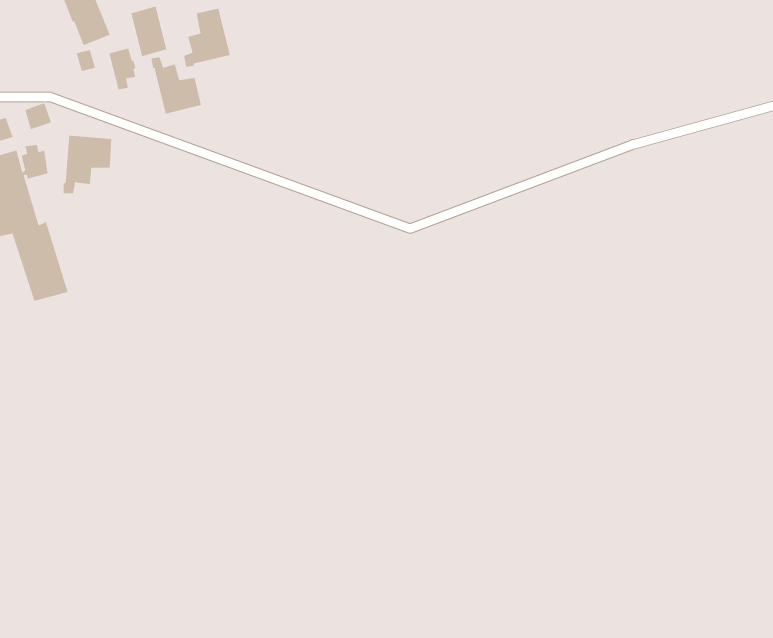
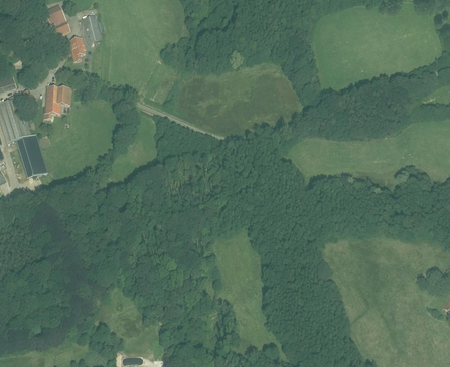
building: [184,8,231,67] -> none
building: [151,57,201,114] -> none

